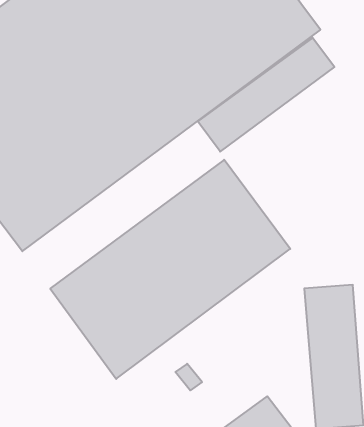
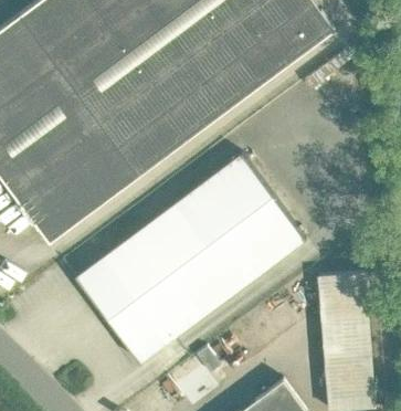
building: [198,38,334,152] -> none

